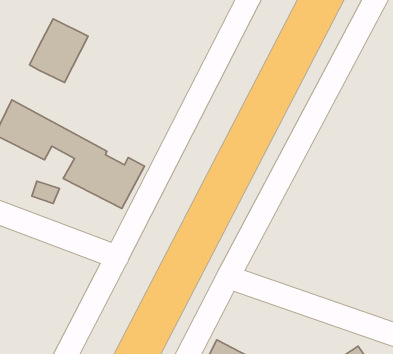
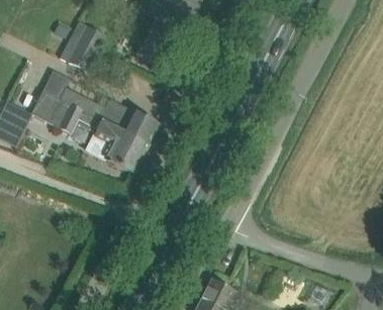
building: none -> [44,69,160,137]

